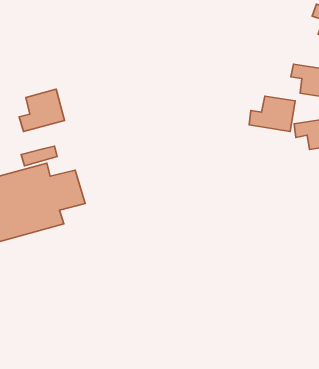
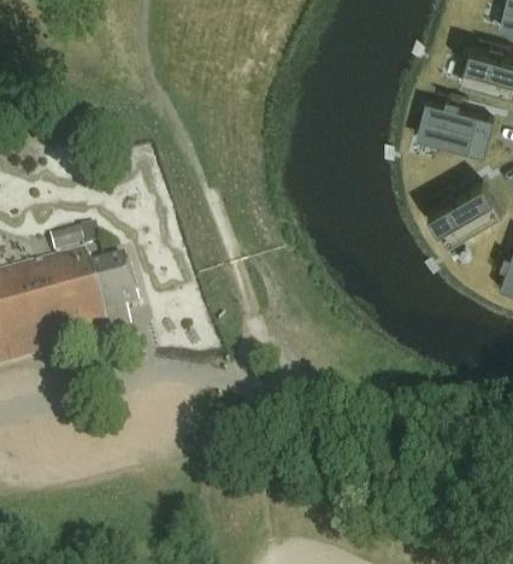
building: [19,89,65,132] -> none
building: [249,96,295,131] -> none

